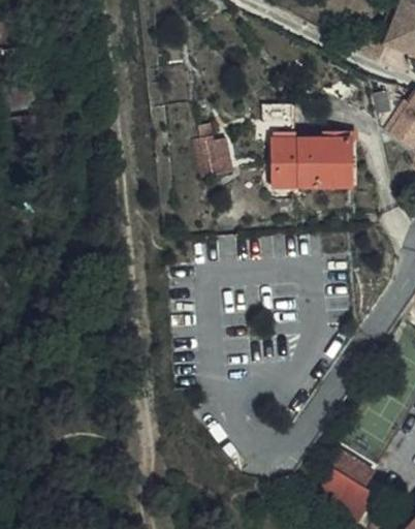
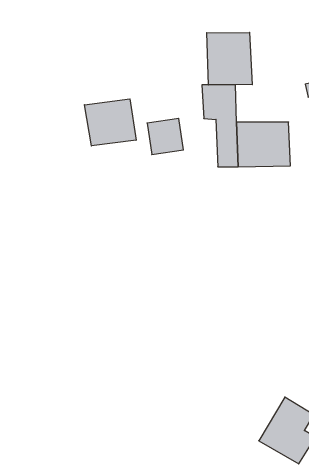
building: none -> [207,32,252,85]
building: none -> [84,99,136,146]

